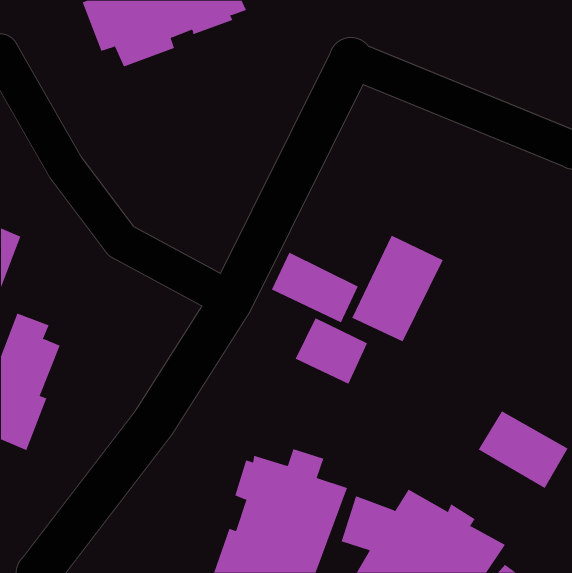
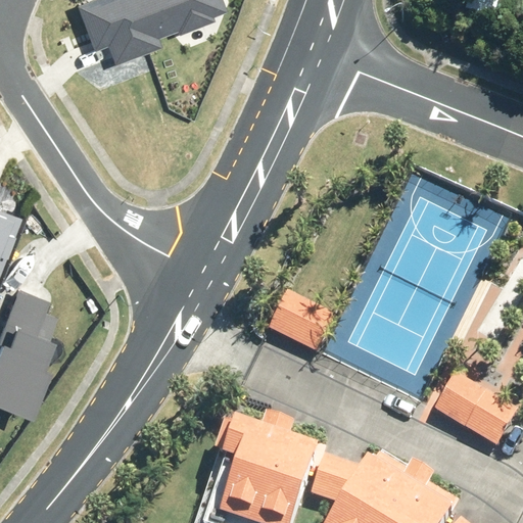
building: [352,235,444,342] -> none
building: [271,252,358,323] -> none

